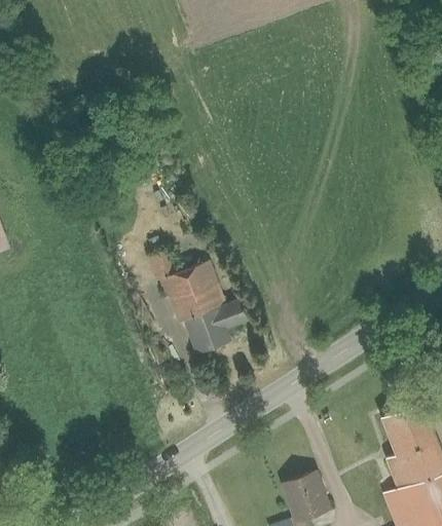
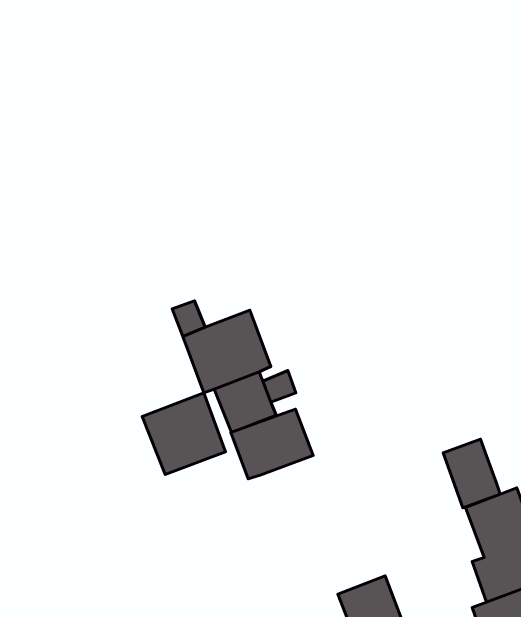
building: none -> [142,393,226,474]
building: none -> [231,409,313,479]
building: none -> [443,439,500,508]

